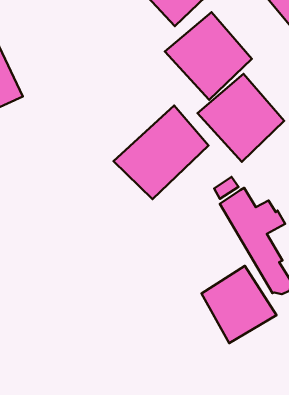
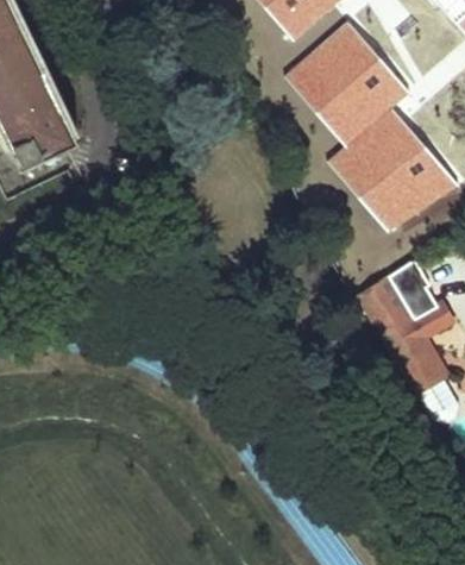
building: [113,105,208,199] -> none
building: [202,266,276,343] -> none

